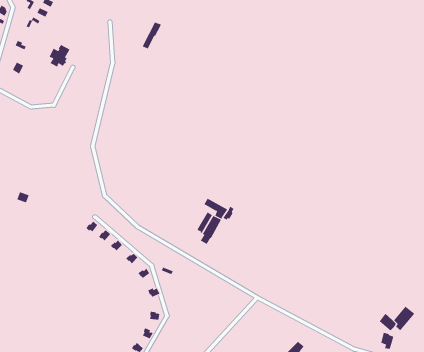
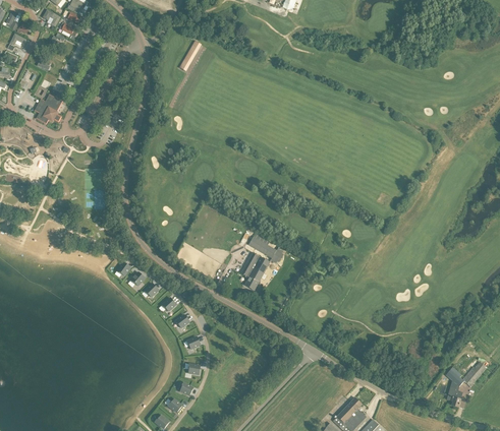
building: [49,44,71,68] -> [36,98,60,124]

